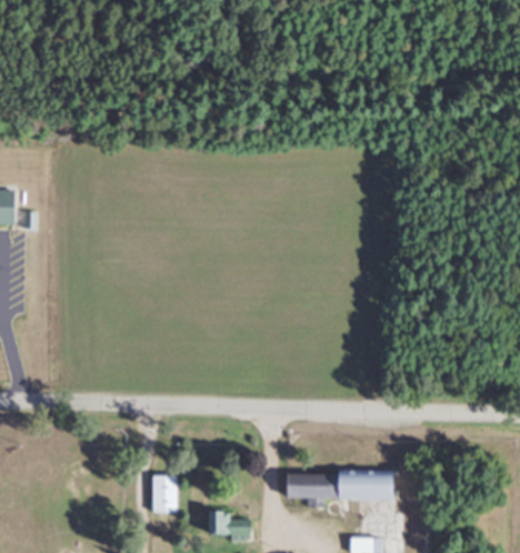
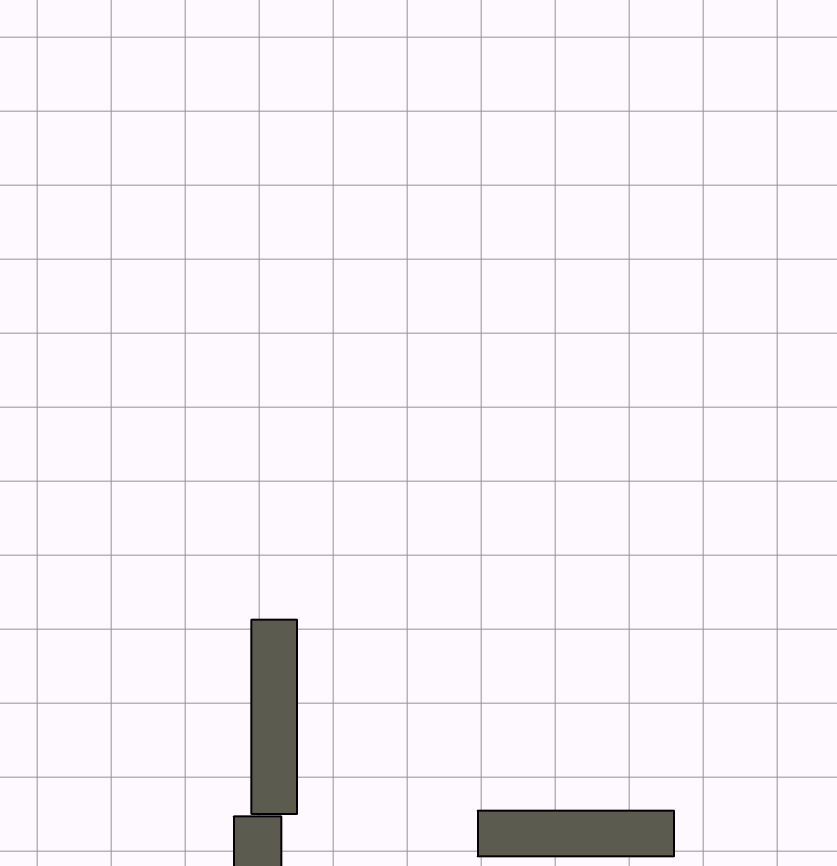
building: none -> [252,620,297,814]

